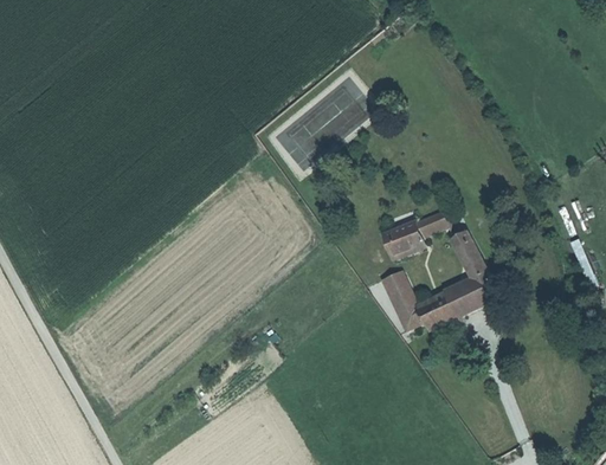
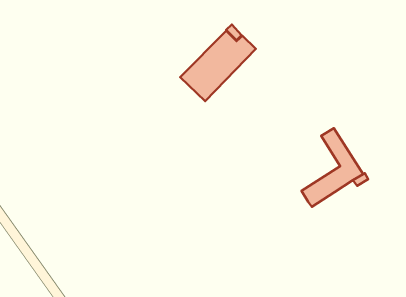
building: [381,213,453,256] -> none
building: [381,272,421,329] -> none

